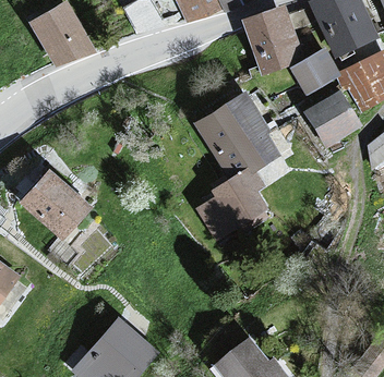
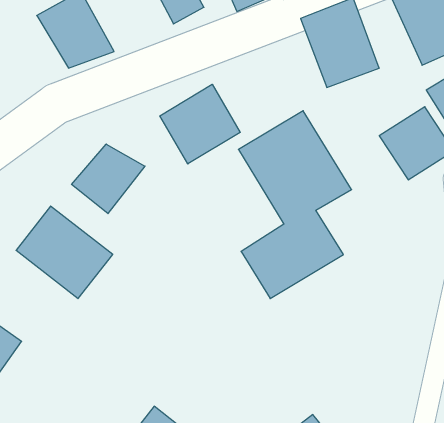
building: [290,47,340,95] -> none
building: none -> [160,84,240,164]
building: none -> [72,144,145,214]

